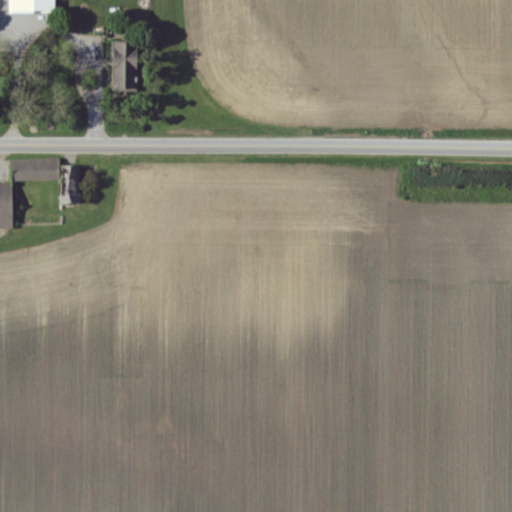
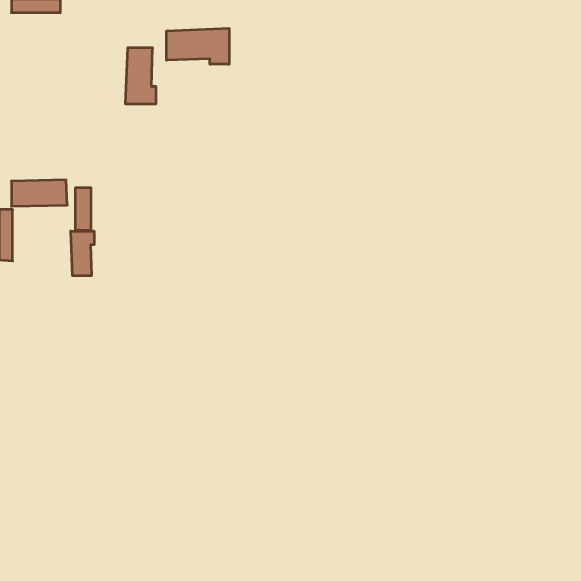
building: none -> [167,28,229,64]
building: none -> [71,231,94,276]

